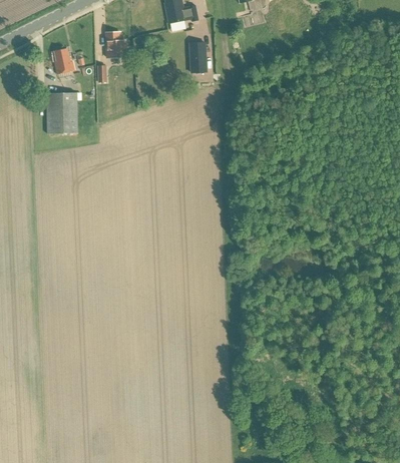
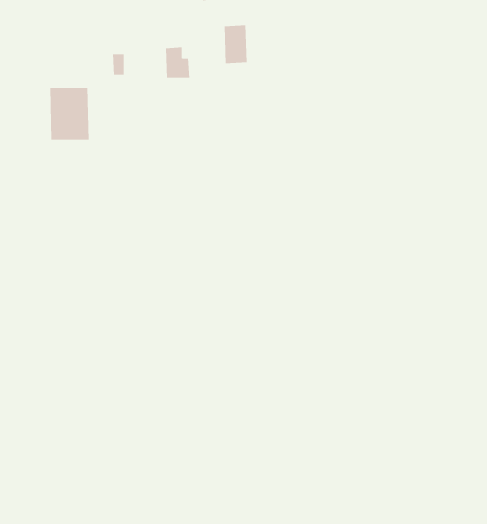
building: [105,31,125,56] -> [165,47,190,78]
building: [54,46,75,71] -> none

